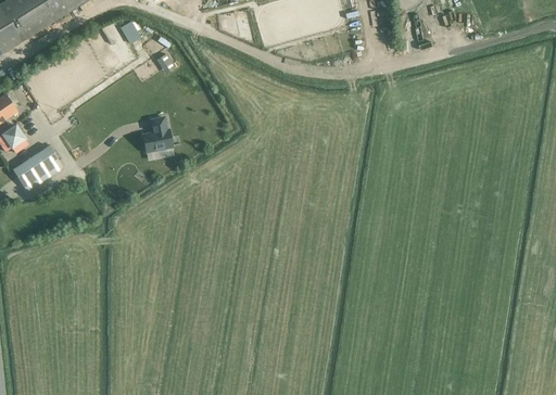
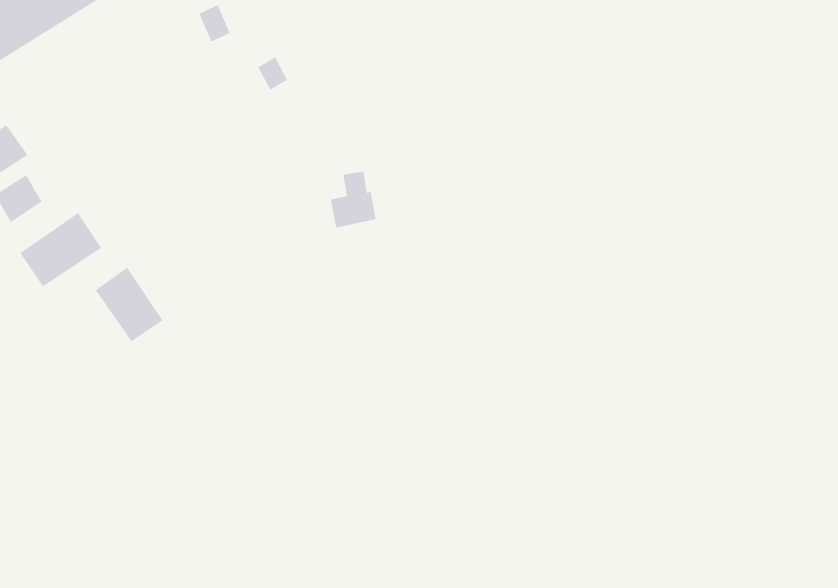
building: [143,117,172,152] -> [330,171,377,228]
building: none -> [95,267,163,342]

